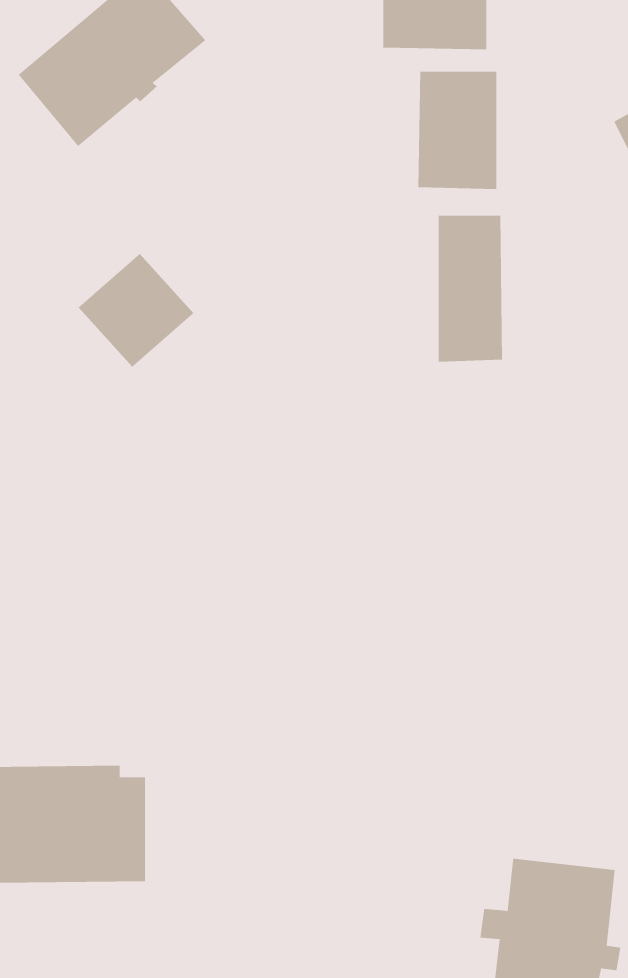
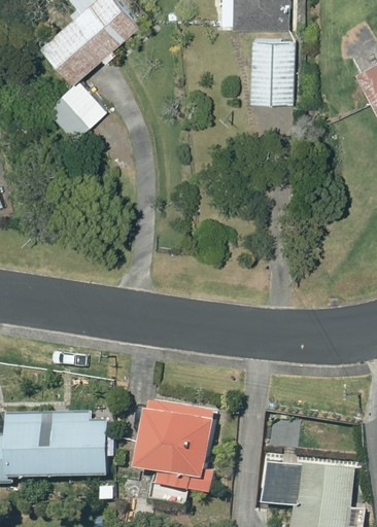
building: [438,215,502,363] -> none
building: [78,253,194,367] -> [44,81,106,142]
building: none -> [135,405,215,490]

